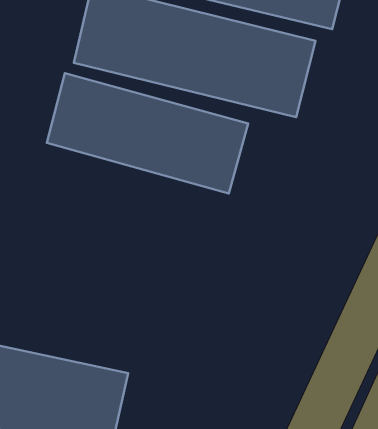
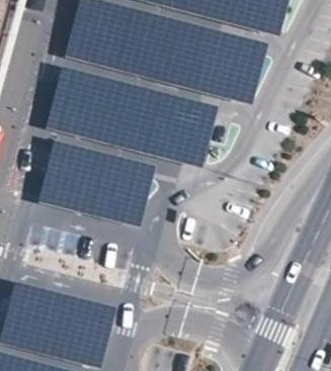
building: none -> [25,138,141,223]

